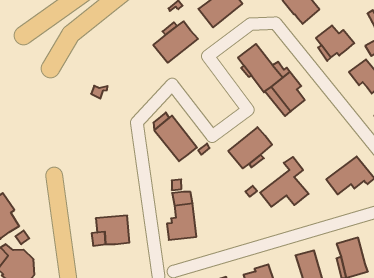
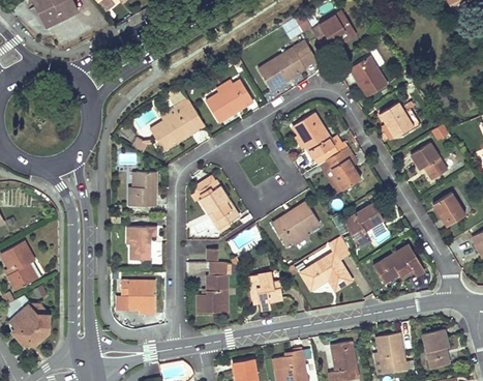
building: none -> [150,84,204,151]
building: none -> [129,172,155,205]
building: none -> [344,204,383,246]
building: none -> [128,227,156,259]
building: none -> [249,272,281,306]

